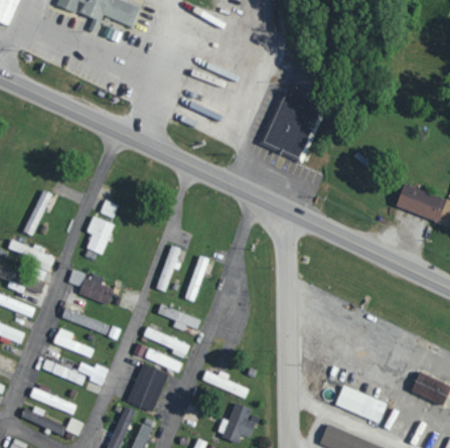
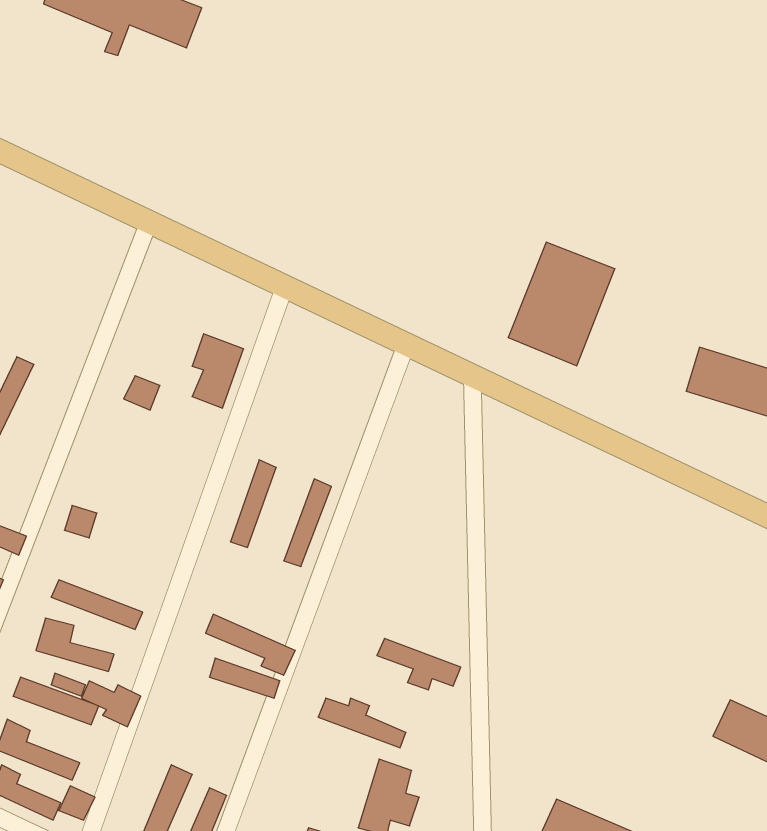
building: [265,93,321,158] -> [508,242,615,366]
building: [87,215,114,255] -> [192,334,244,408]
building: [82,272,114,302] -> none
building: [157,304,201,331] -> [377,638,461,690]
building: [127,363,168,412] -> none
building: [335,386,388,423] -> none

